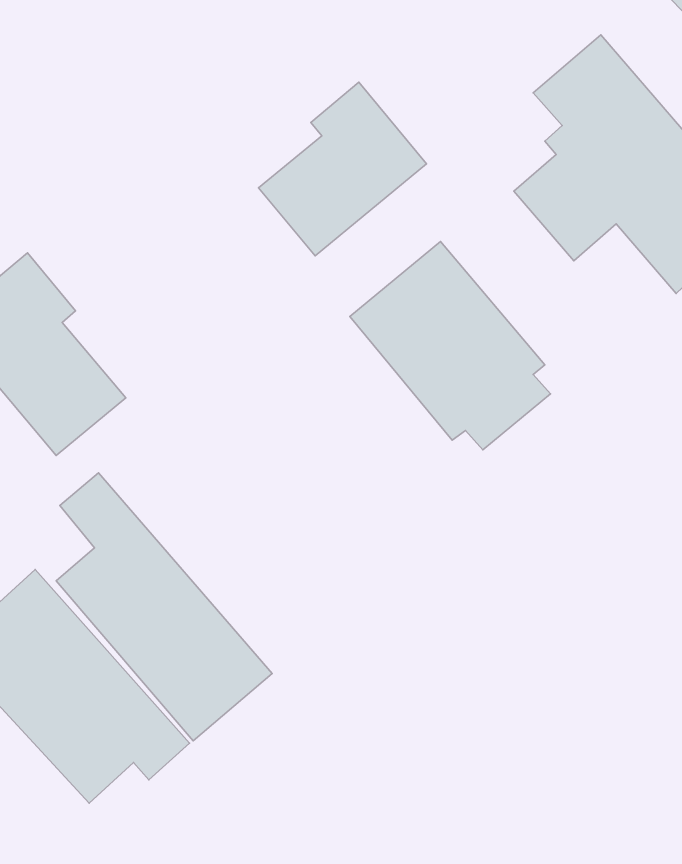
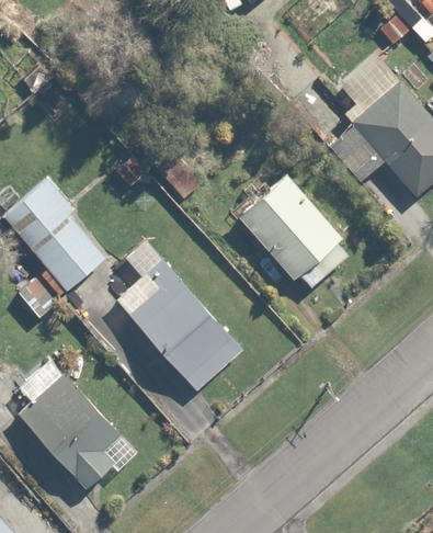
building: [258,82,427,256] -> none
building: [56,473,272,741] -> [121,239,243,392]

